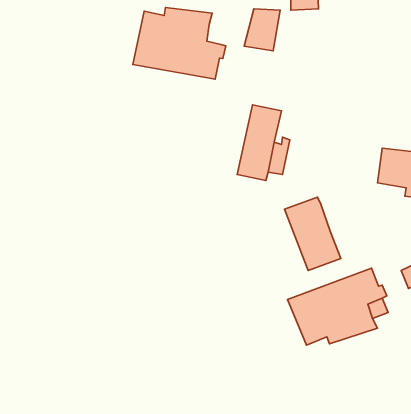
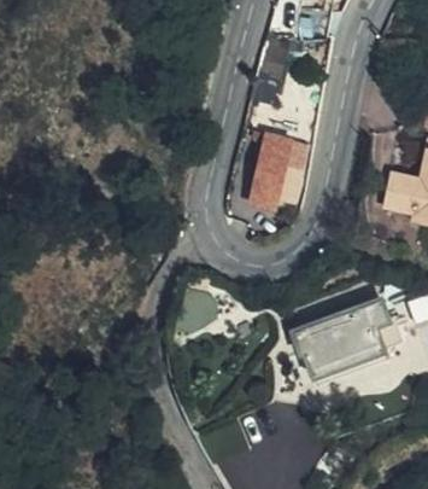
building: [133,7,226,79] -> none
building: [284,197,341,271] -> none

